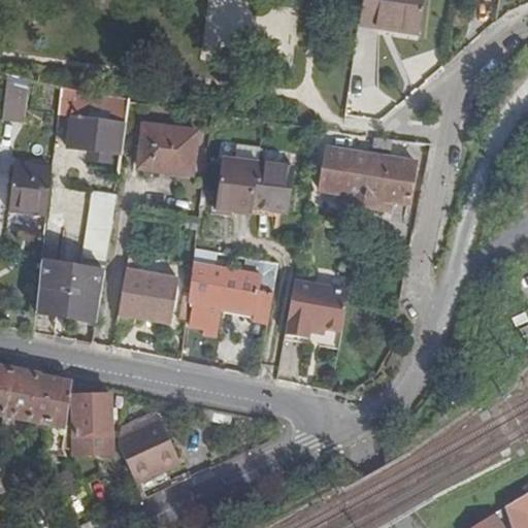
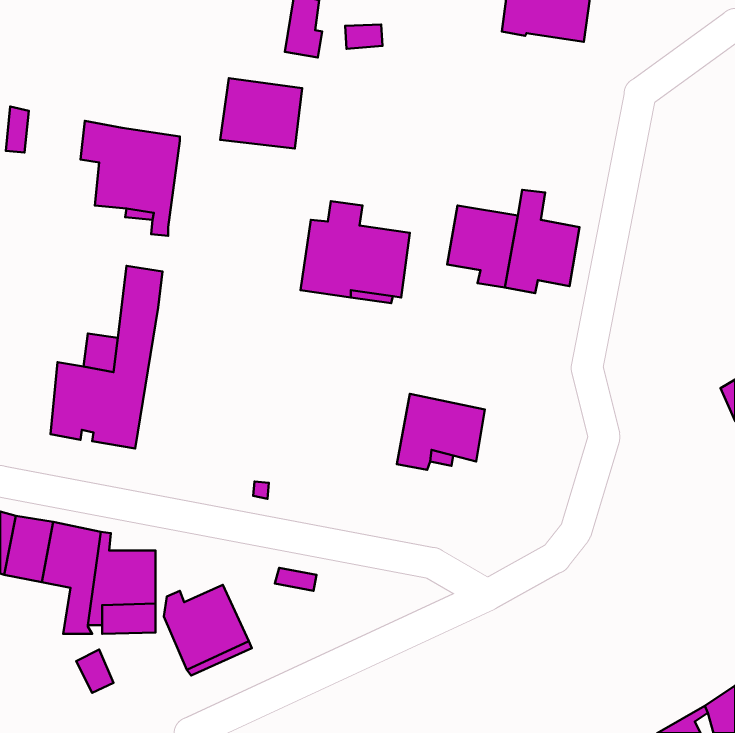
building: [138,124,197,174] -> [220,78,302,149]
building: [9,164,52,214] -> none
building: [188,257,278,336] -> none
building: [118,269,178,323] -> none

